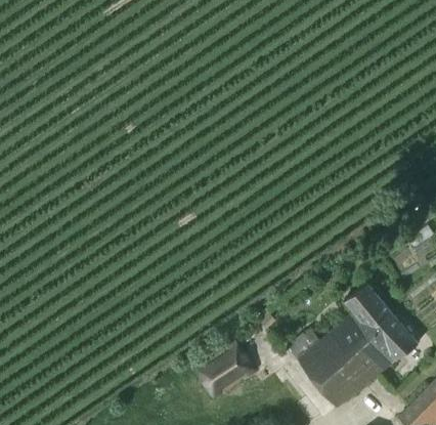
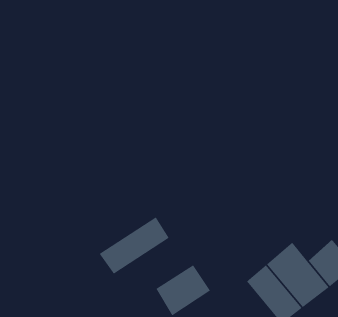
building: [343,282,393,337] -> none
building: none -> [99,216,169,275]

